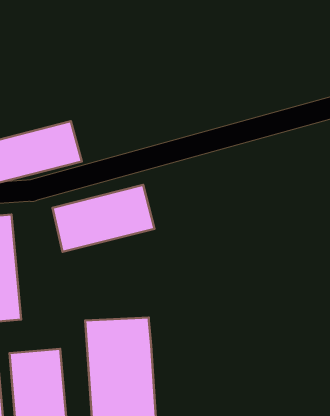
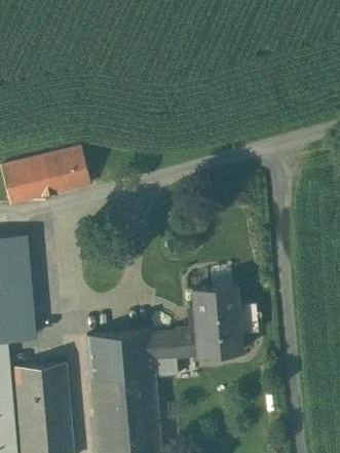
building: [52,185,154,252] -> none
building: none -> [152,288,238,361]

